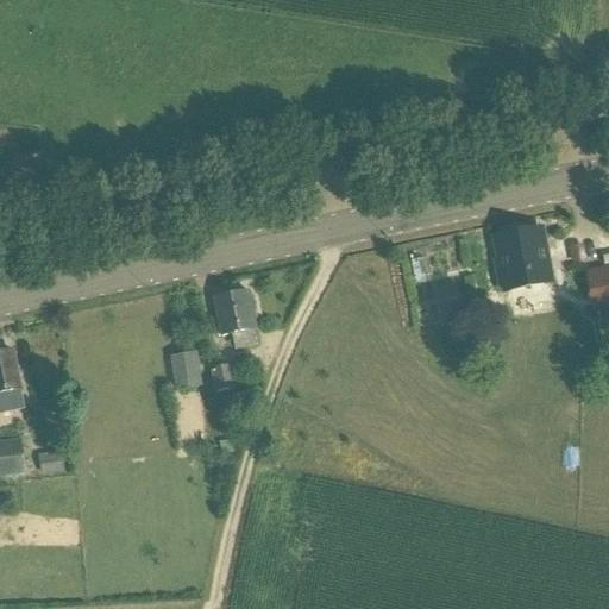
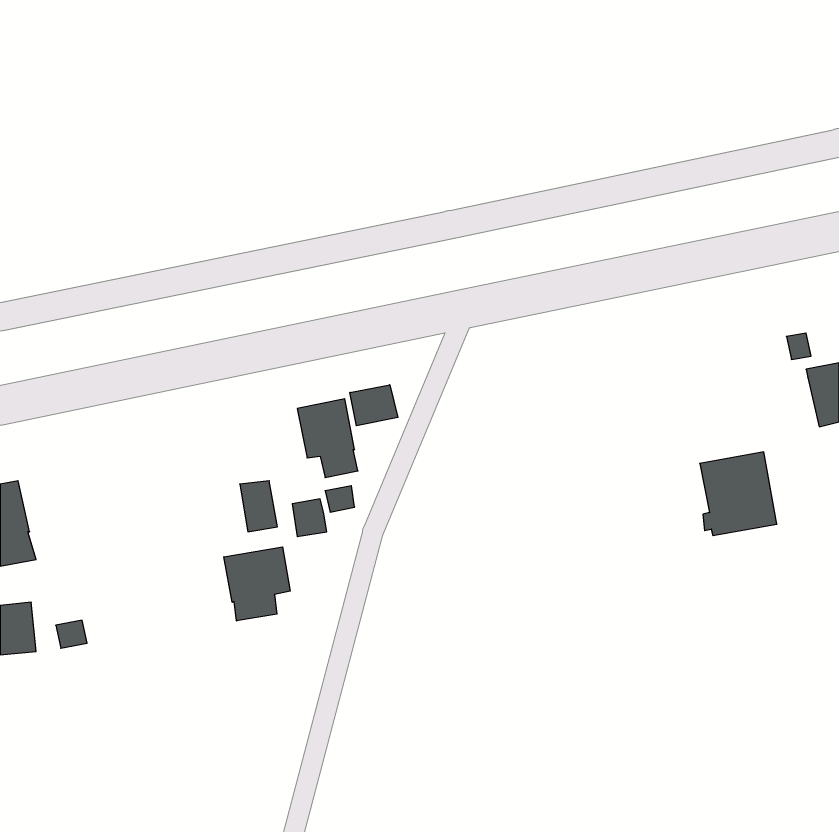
building: [496,226,552,287] -> [700,452,777,536]
building: none -> [350,385,398,426]
building: none -> [224,547,290,621]

